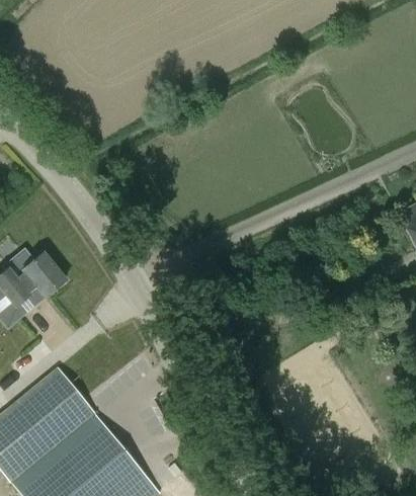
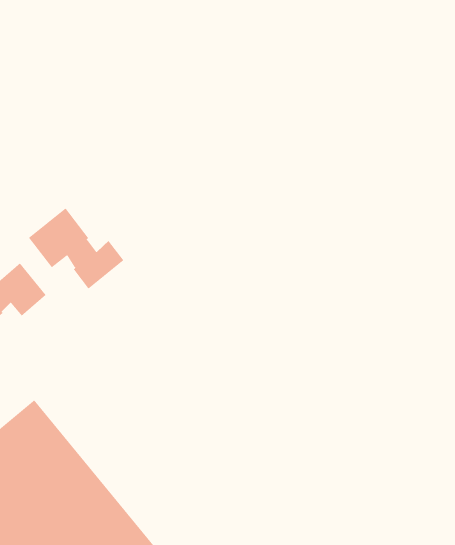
building: none -> [28,208,124,289]

